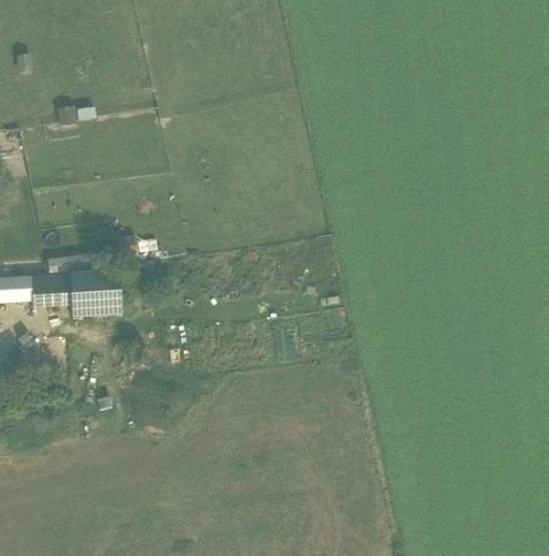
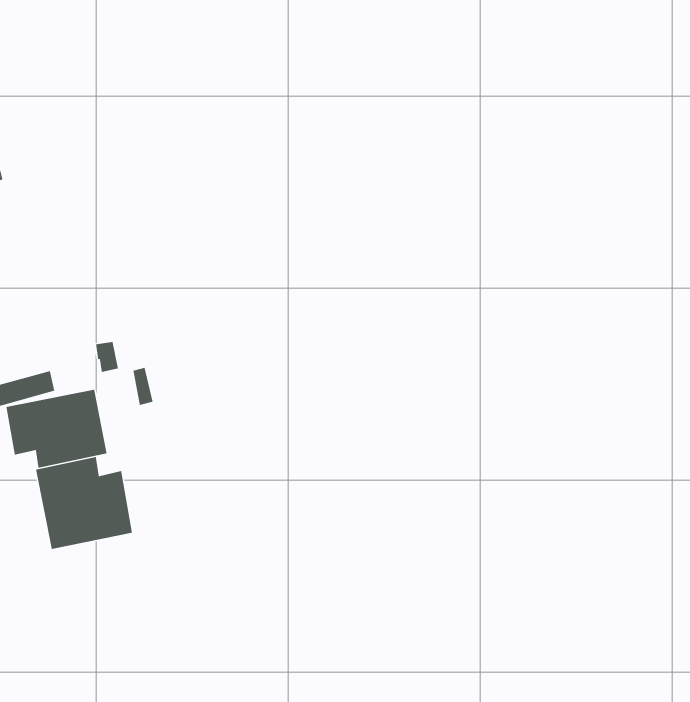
building: none -> [35,456,133,550]

